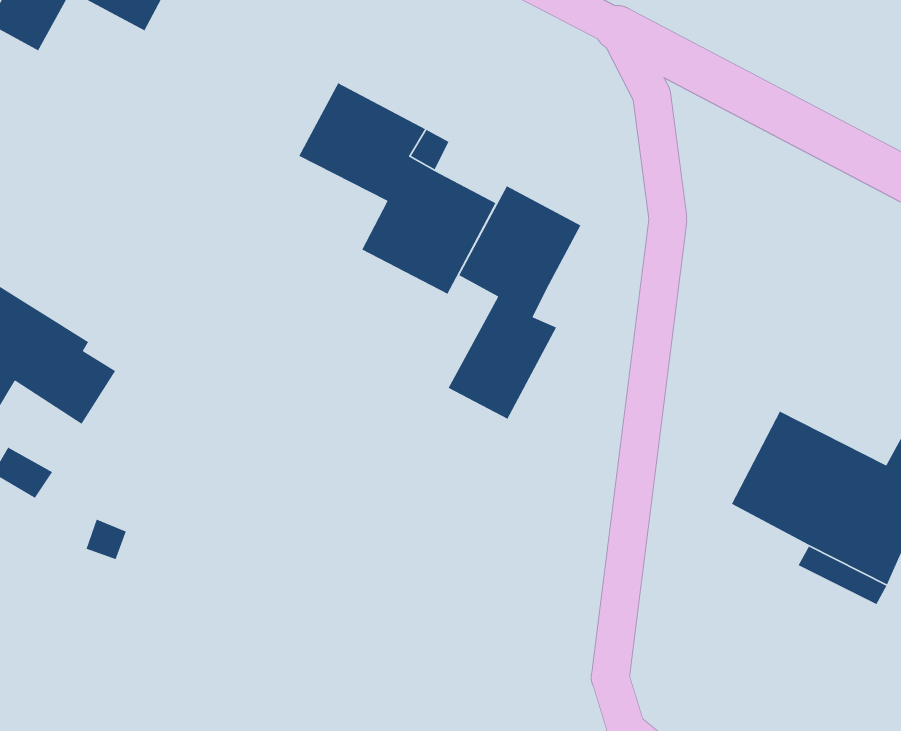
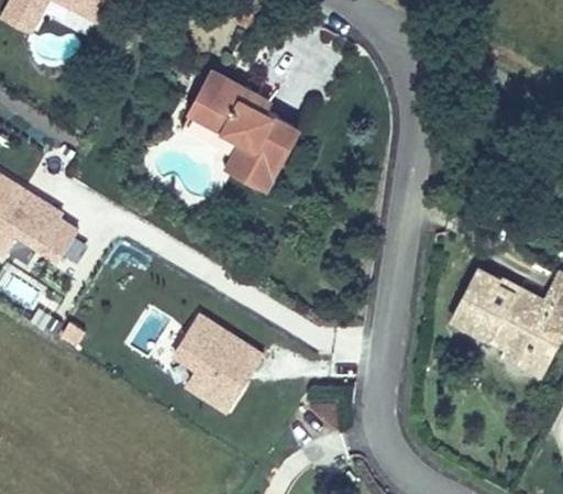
building: [447,185,581,420] -> none
building: none -> [170,317,263,416]

